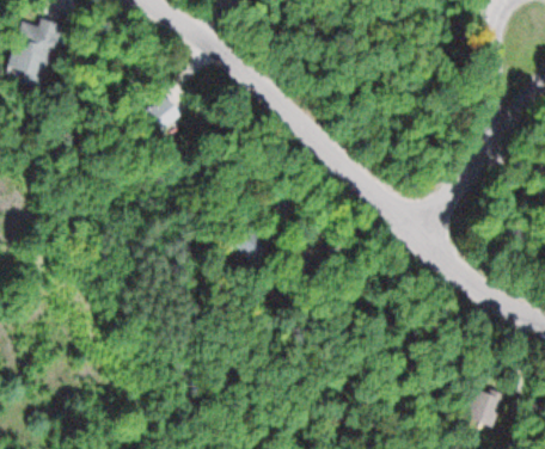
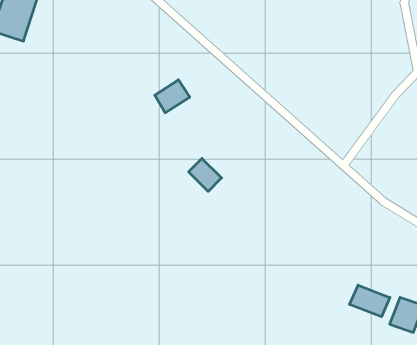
building: [141,97,182,135] -> [155,80,190,113]
building: none -> [350,285,390,317]

